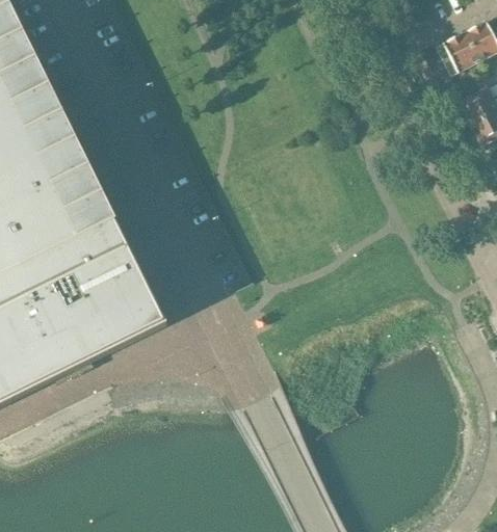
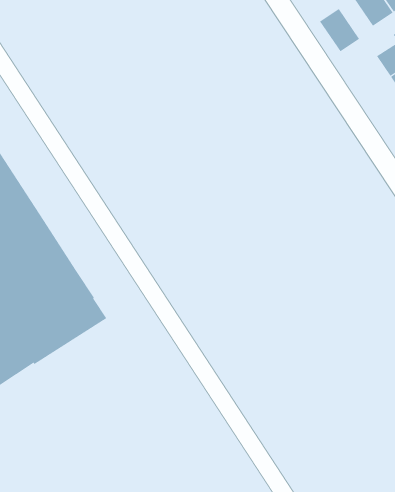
building: none -> [319,8,360,52]

